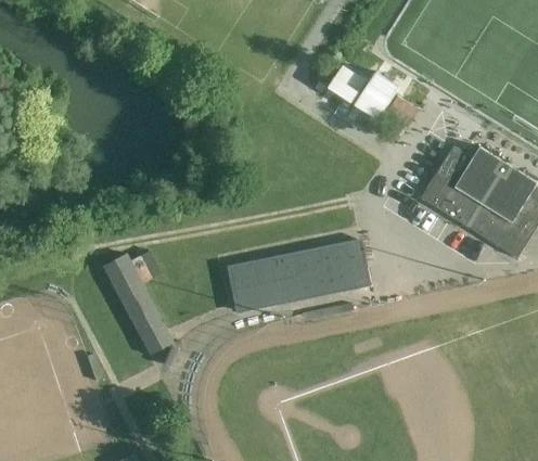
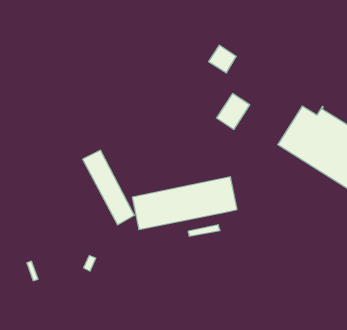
building: [356,71,400,118] -> [216,94,250,129]
building: [102,254,171,354] -> [83,150,134,225]

